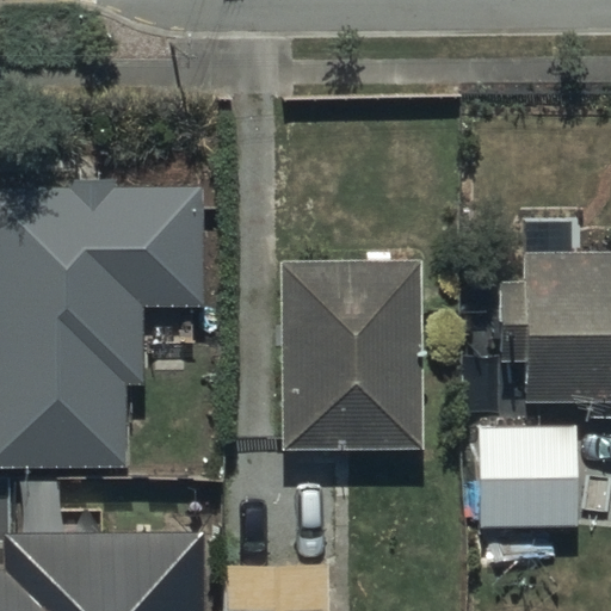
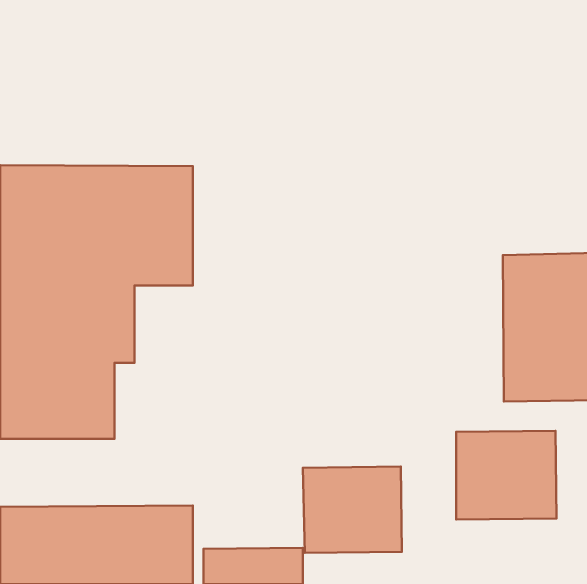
building: [278,266,416,457] -> none
building: none -> [303,467,402,553]

